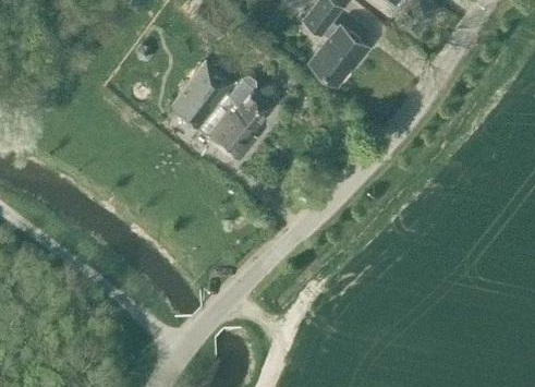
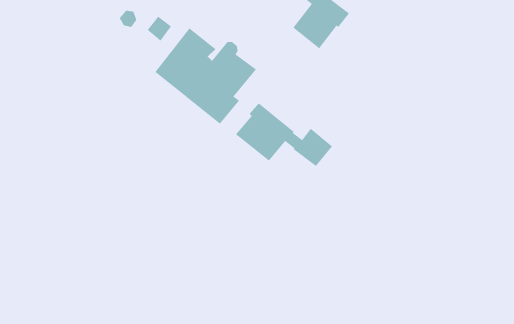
building: none -> [235,102,333,167]

